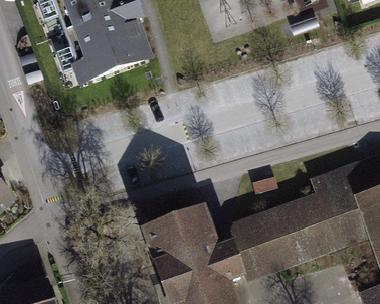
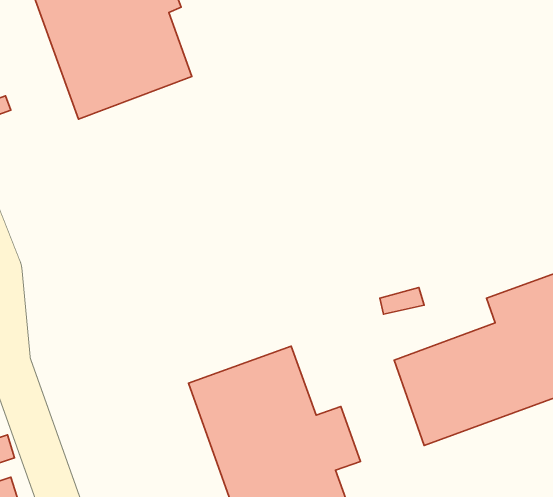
building: [230,217,277,279] -> none

